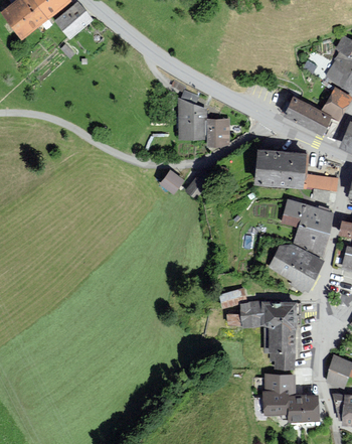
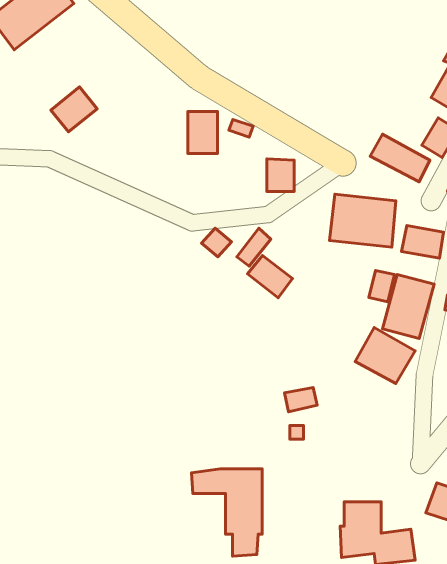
building: [56,7,91,40] -> [51,87,97,132]
building: [180,106,202,137] -> [188,111,218,154]
building: none -> [247,255,292,298]
building: [244,303,297,367] -> [192,469,262,556]

